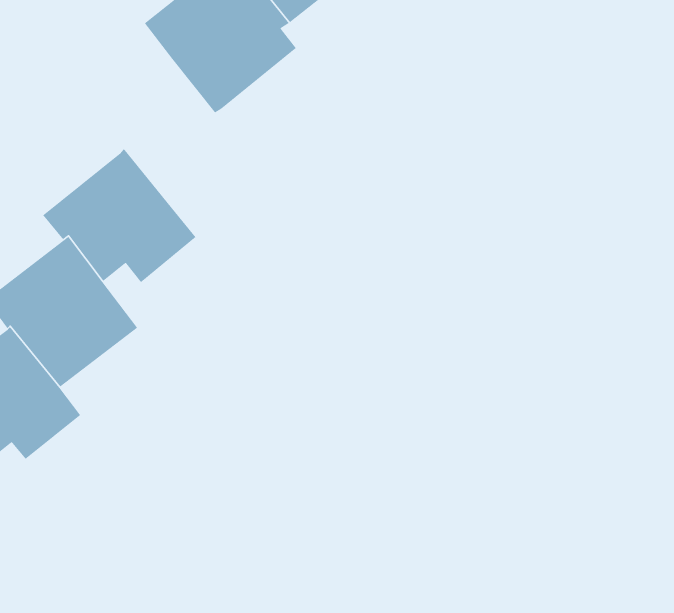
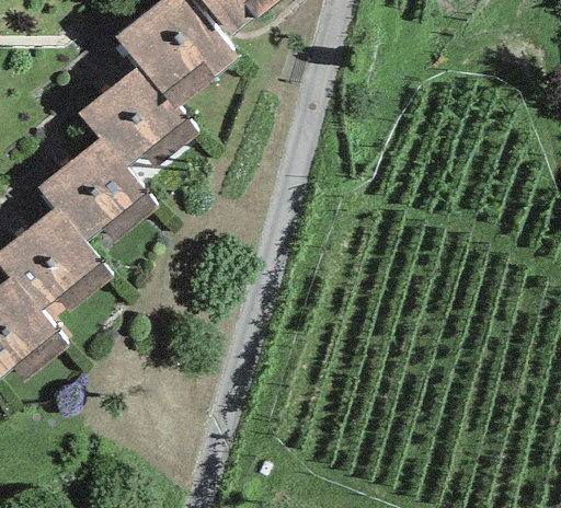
building: none -> [76,65,199,182]

